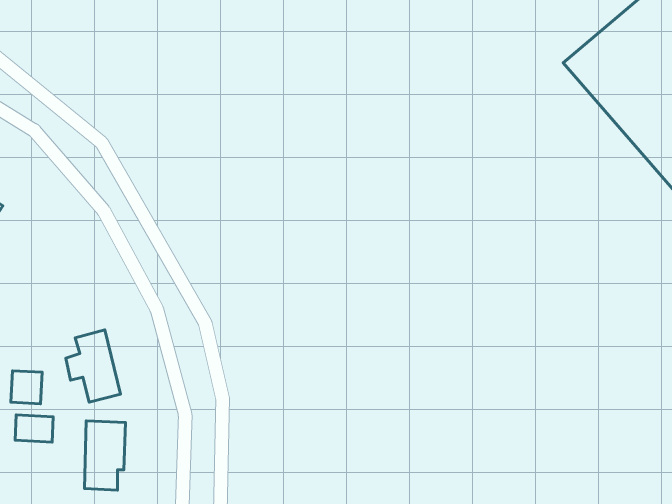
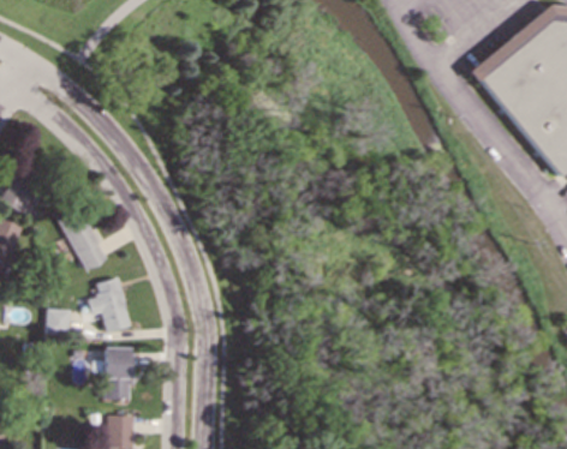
building: none -> [61,214,108,271]
building: [15,415,53,442] -> none

